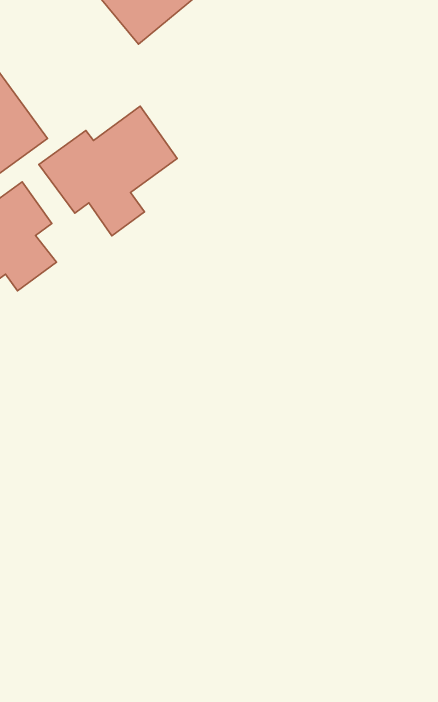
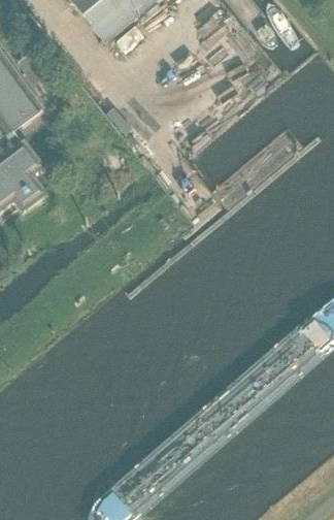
building: [39,106,177,236] -> none

